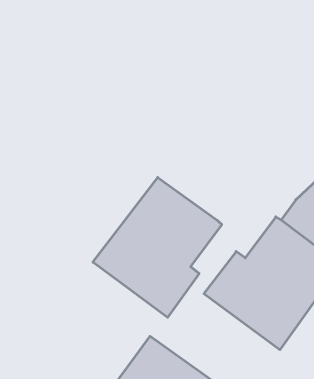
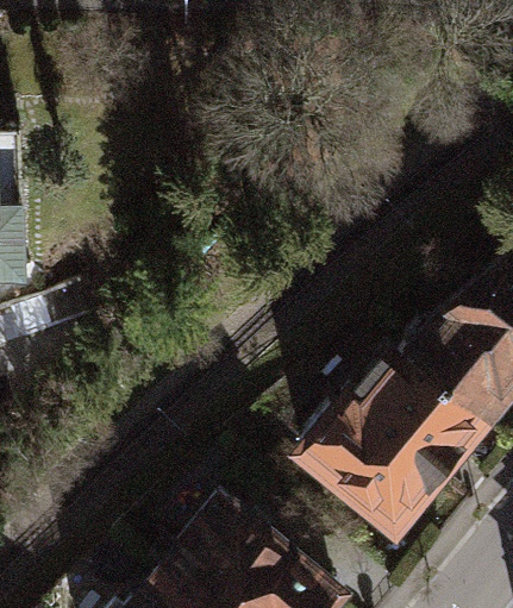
building: [93,177,222,317] -> none

